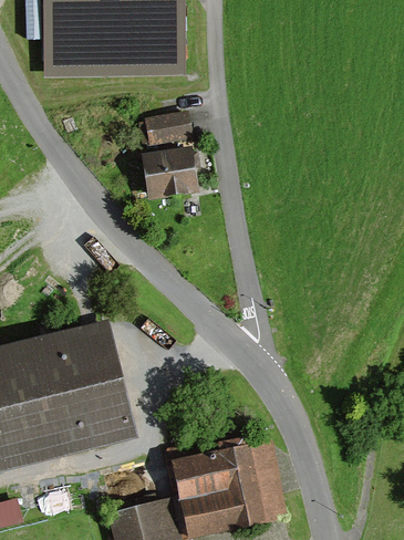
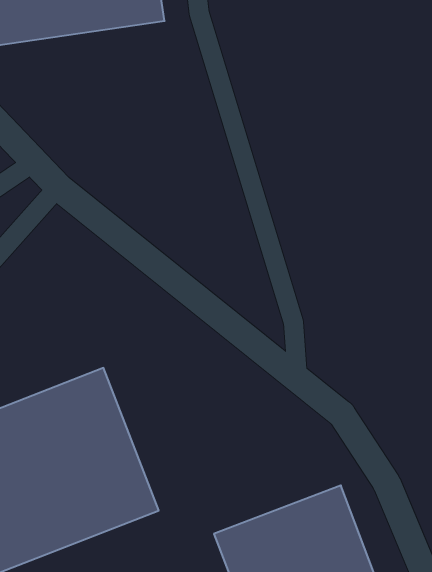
building: [146,108,193,139] -> none
building: [143,144,198,198] -> none

